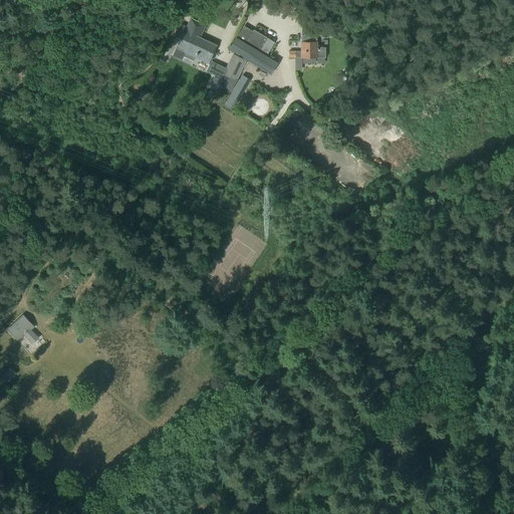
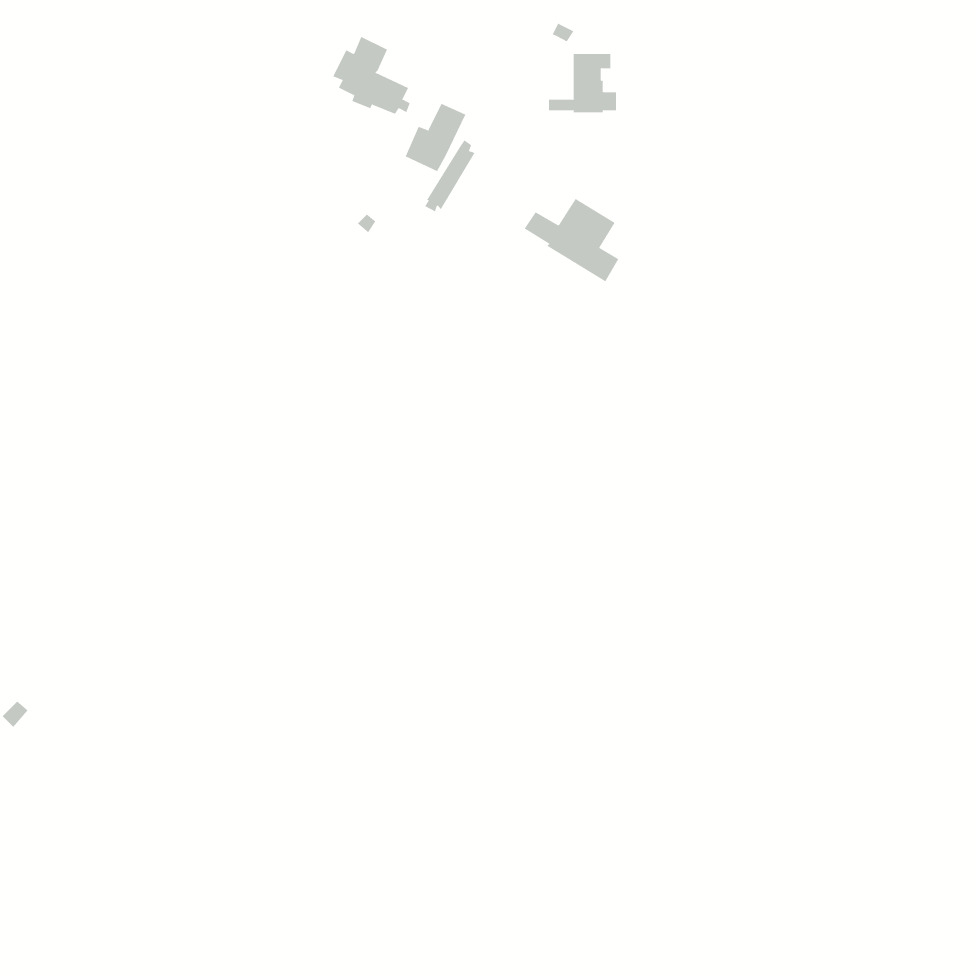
building: [226,30,276,74] -> [524,198,619,282]
building: [7,316,38,344] -> none

